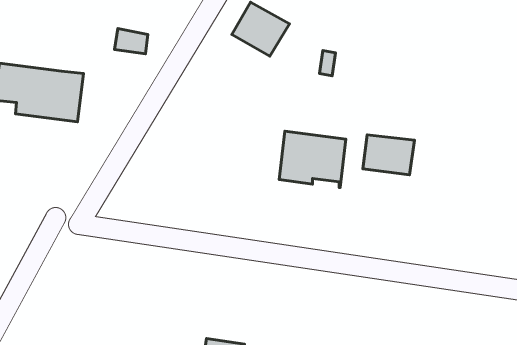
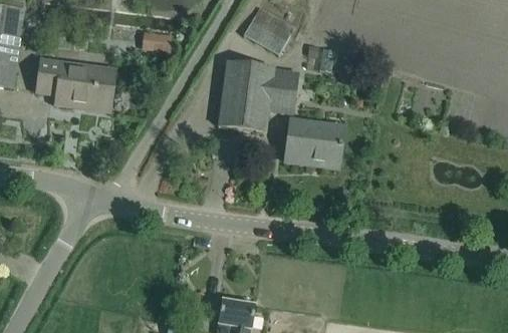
building: none -> [217,62,297,132]
building: [363,135,415,175] -> none

